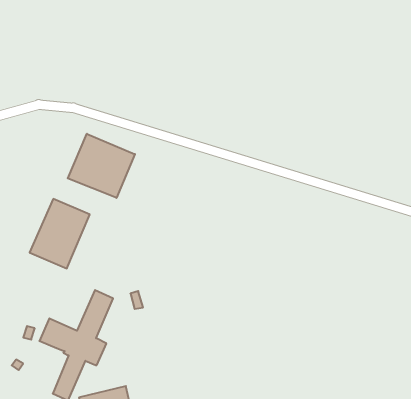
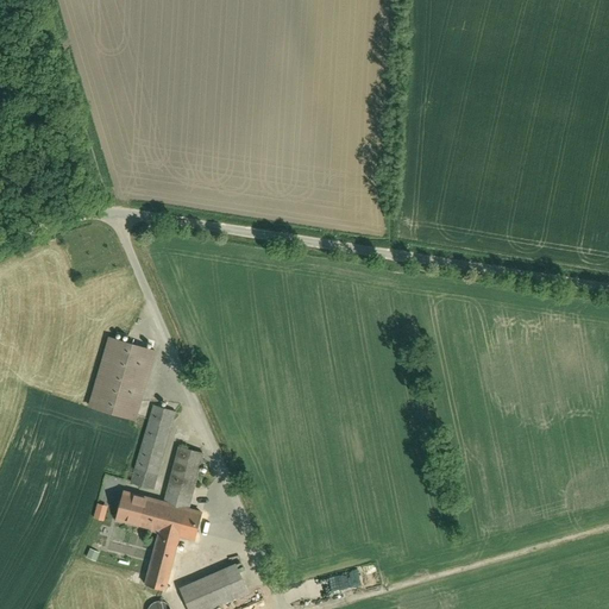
building: [68,134,135,198] -> none
building: none -> [127,406,176,494]

